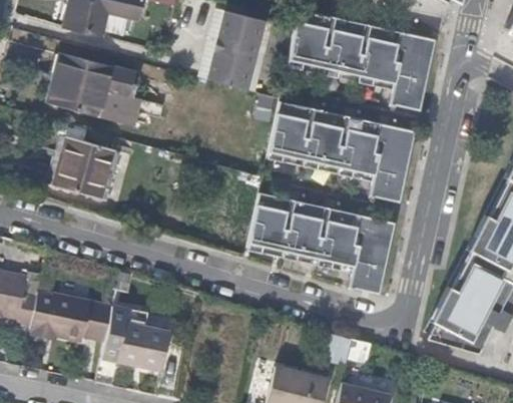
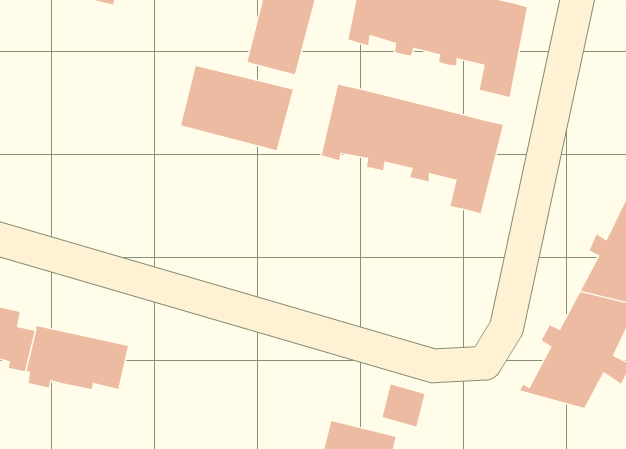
building: [51,58,141,126] -> [180,65,294,151]
building: [46,136,115,199] -> none
building: [247,190,391,293] -> none
building: [104,303,171,370] -> none

